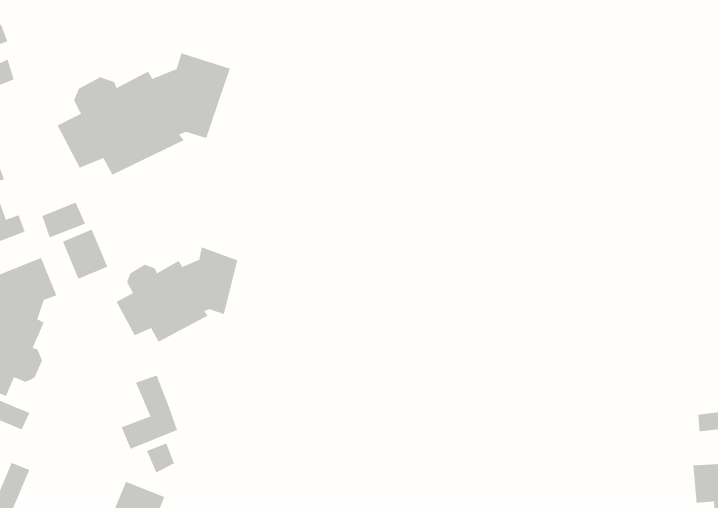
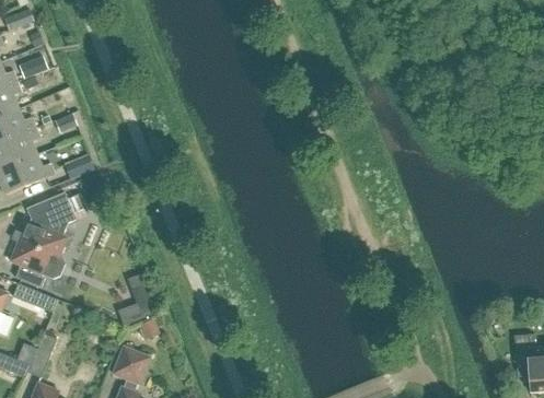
building: [57,53,230,176] -> none
building: [116,246,238,342] -> none

